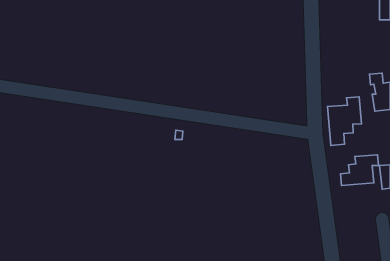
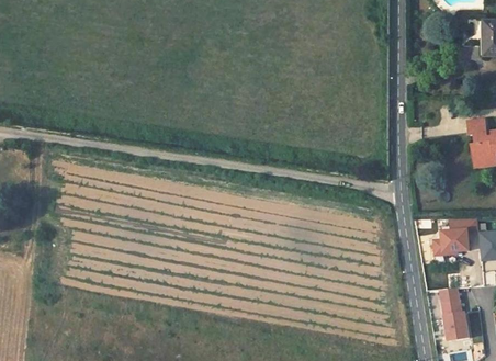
building: [328,97,361,146] -> none
building: none -> [442,298,472,341]

